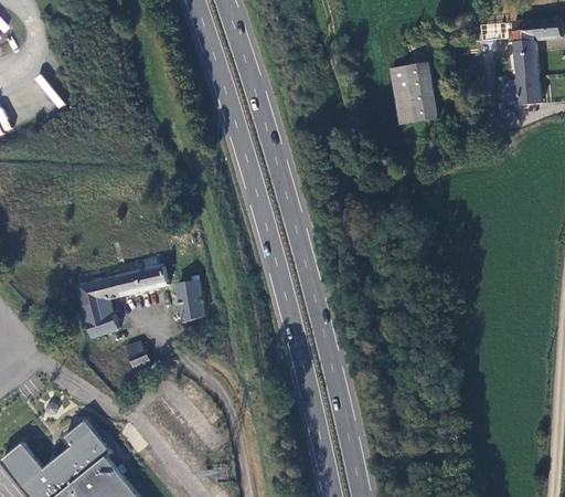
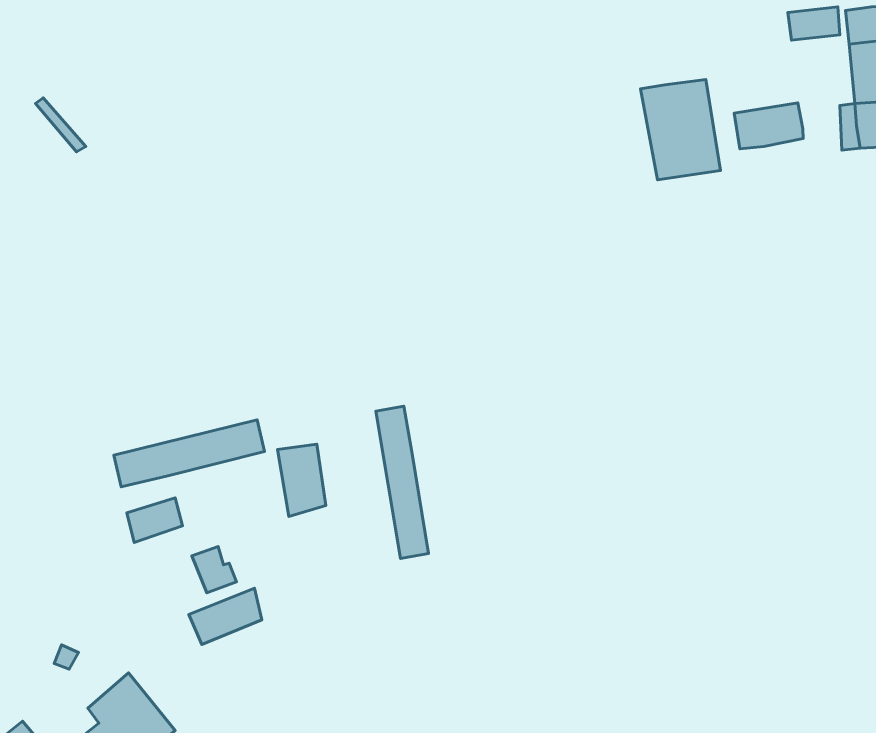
building: none -> [734,103,803,149]
building: none -> [376,406,429,559]
building: [82,299,114,321] -> none
building: none -> [189,588,262,644]

